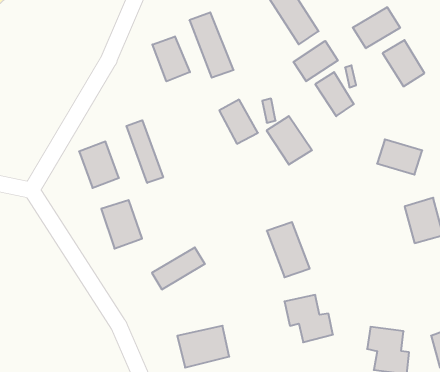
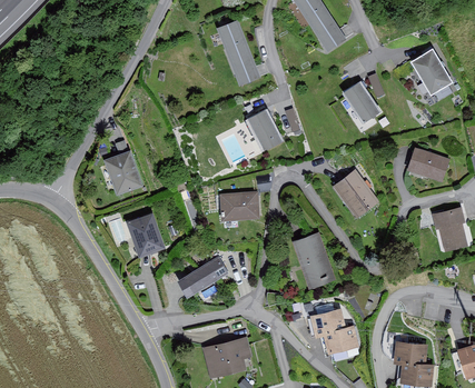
building: [353,7,400,48] -> none
building: [152,36,190,81] -> none
building: [294,41,338,81] -> none
building: [267,116,312,165] -> [336,171,382,220]
building: [126,120,163,183] -> none
building: none -> [219,192,257,220]

